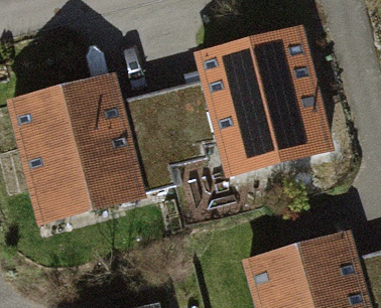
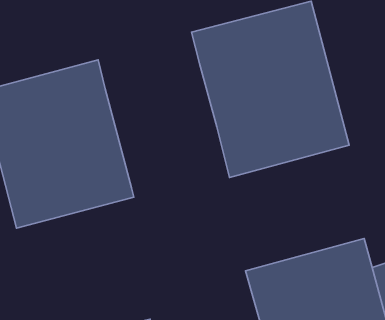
building: [119,81,217,189] -> none

